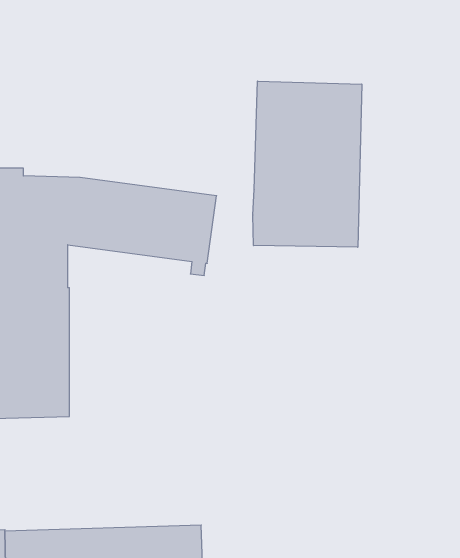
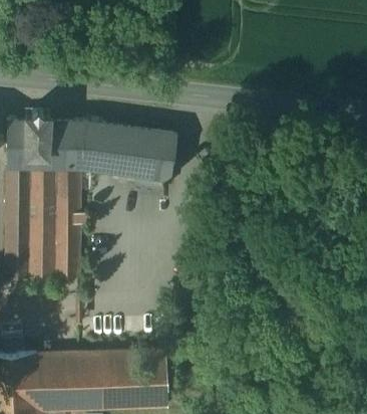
building: [253,81,362,247] -> none

